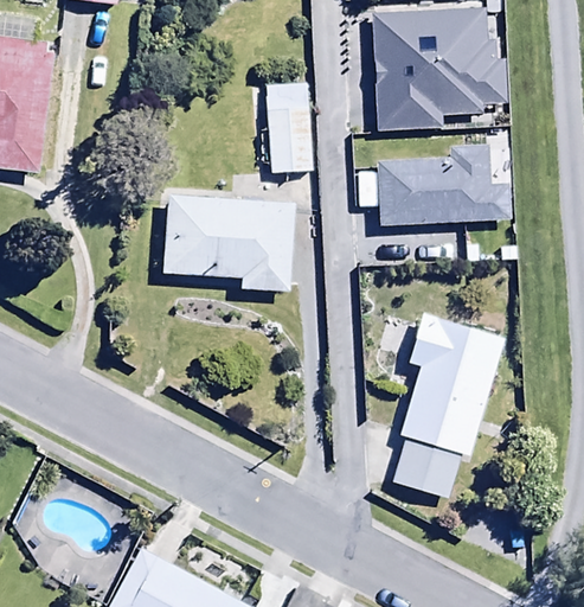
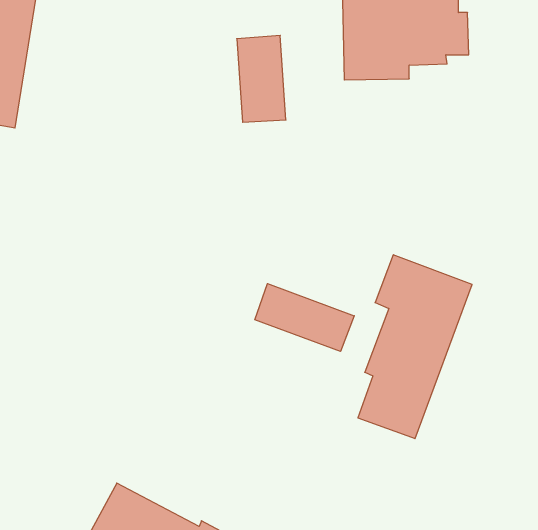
building: [379,145,507,225] -> none
building: [162,196,297,290] -> none
building: none -> [255,284,354,351]

